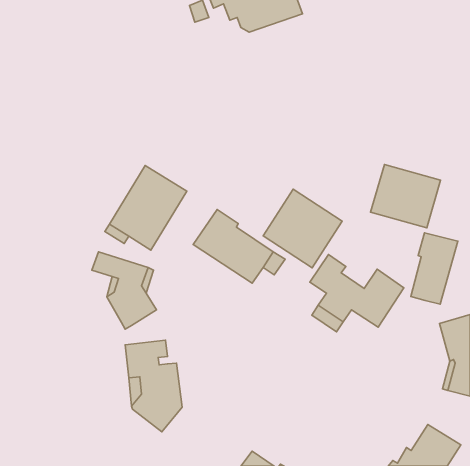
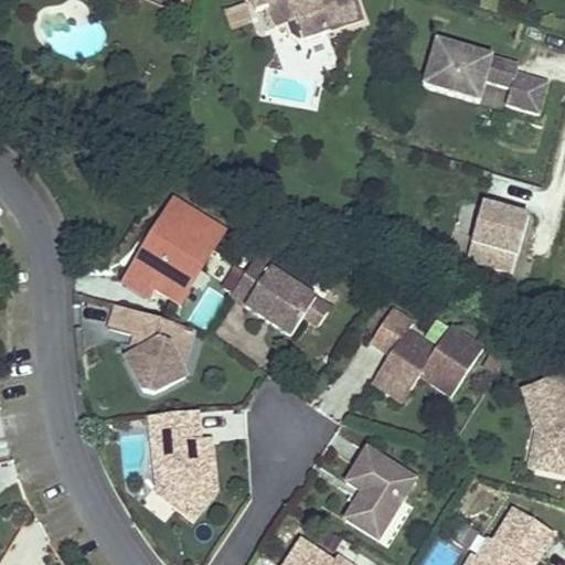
building: none -> [424,39,550,113]
building: [263,189,342,268] -> none
building: [411,233,458,304] -> none
building: none -> [331,445,407,536]

